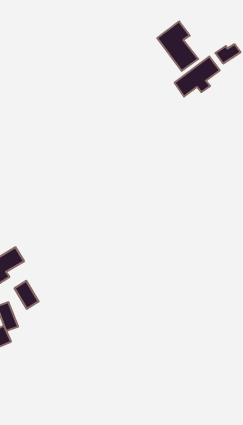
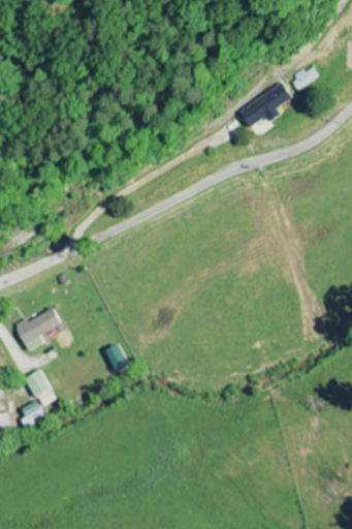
building: [157,21,198,71] -> none
building: [15,281,39,309] -> none

